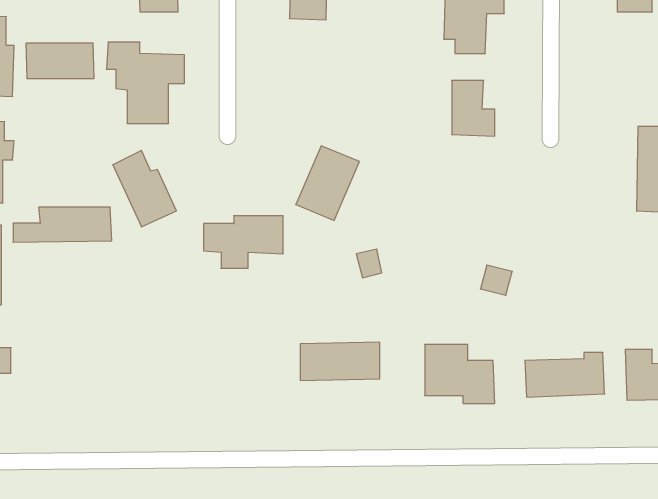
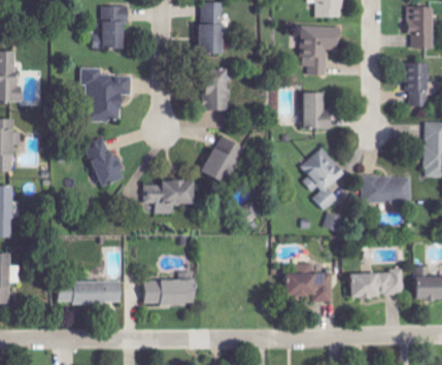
building: none -> [405,62,427,106]
building: [26,43,94,79] -> none
building: none -> [201,68,228,110]
building: none -> [298,146,343,210]
building: [13,207,112,242] -> [57,280,121,303]
building: none -> [362,175,410,202]
building: [300,342,380,380] -> [143,279,195,304]

